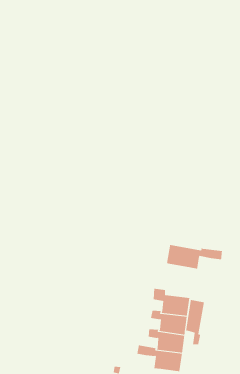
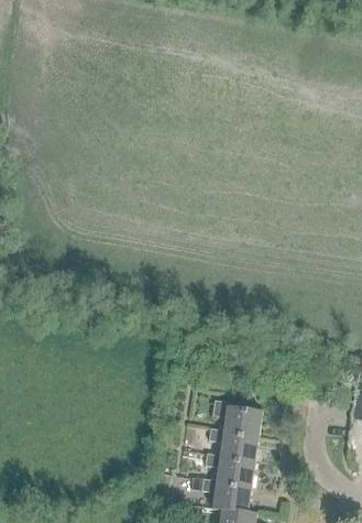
building: [166,244,223,269] -> none
building: [186,299,204,345] -> none

